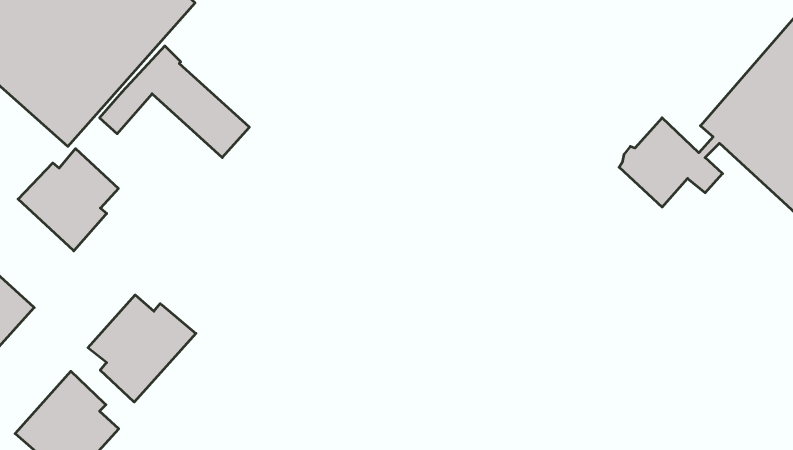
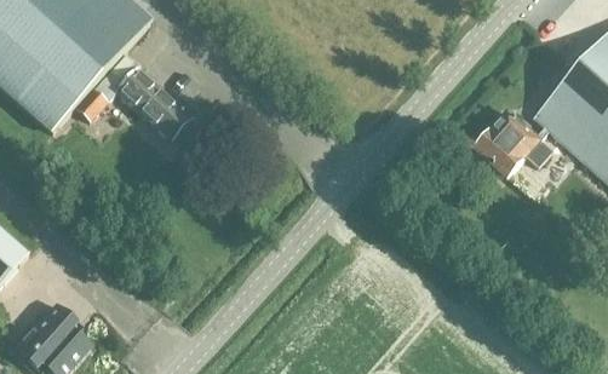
building: [18,149,118,251] -> none
building: [88,295,196,402] -> none

